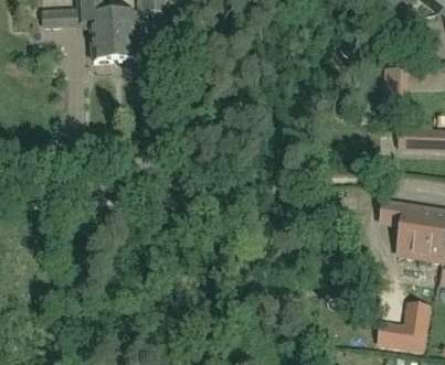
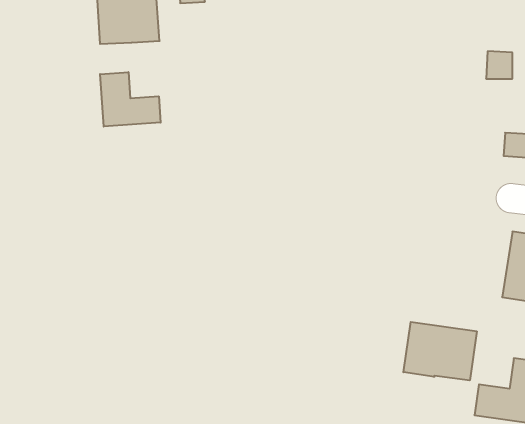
building: none -> [100,72,161,127]
building: none -> [403,322,477,380]

